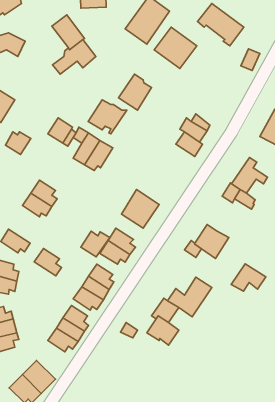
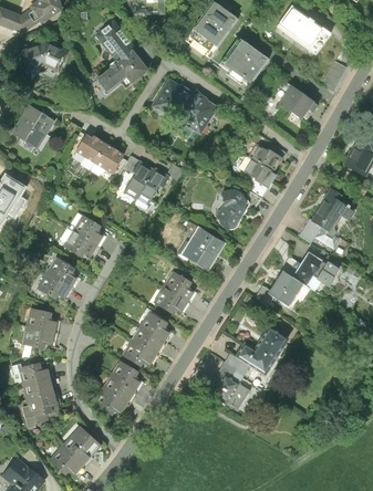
building: none -> [280,81,318,119]
building: [88,100,127,134] -> [151,79,196,118]
building: [5,132,31,154] -> [76,134,106,160]
building: none -> [216,190,245,231]
building: [81,231,110,257] -> none
building: [34,248,61,276] -> [48,257,80,289]
building: [231,264,266,291] -> [292,250,333,282]

